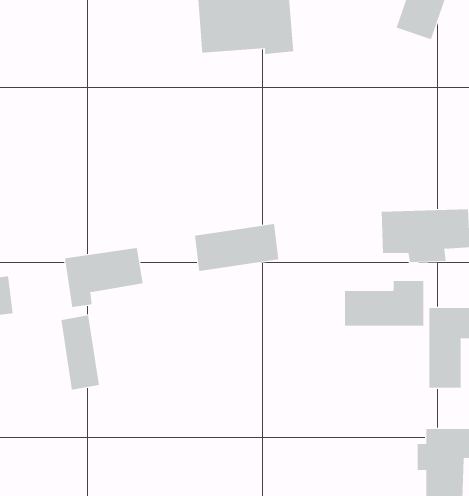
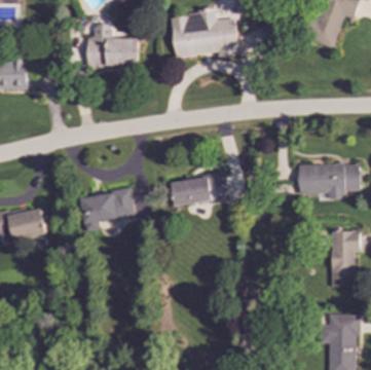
building: none -> [86,24,139,65]
building: [344,280,424,326] -> none
building: [61,315,99,390] -> none

